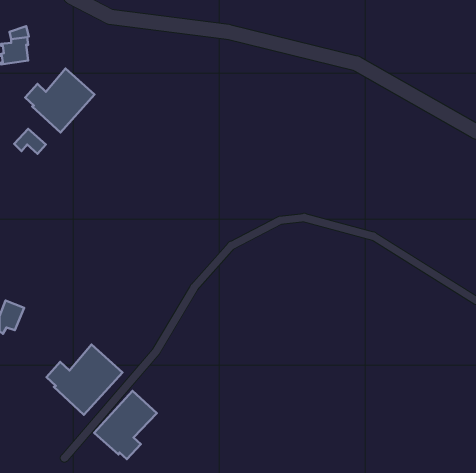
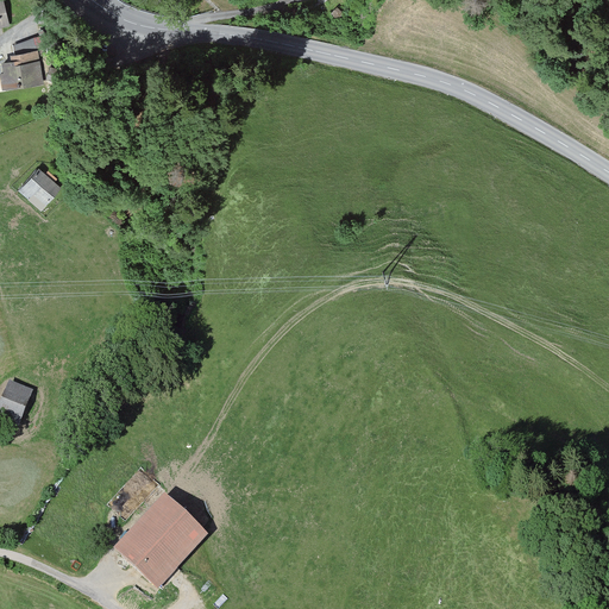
building: [25,69,95,132] -> none
building: [47,345,123,415] -> none

